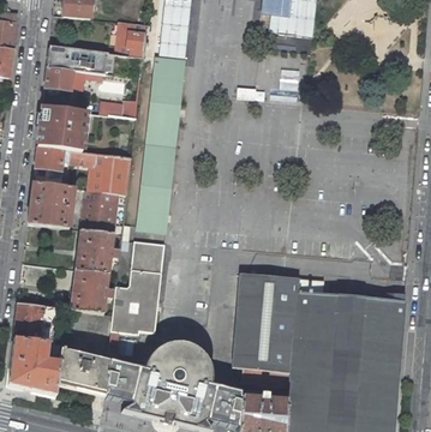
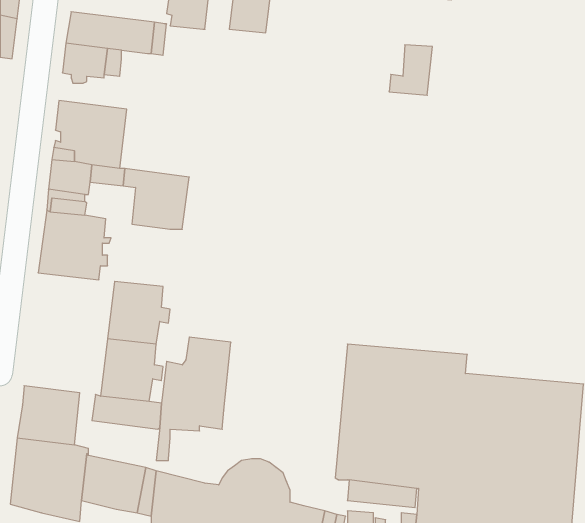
building: [140,56,185,230] -> none
building: [101,100,138,118] -> none
building: [80,191,119,234] -> none
building: [132,241,164,272] -> none
building: [143,343,211,385] -> none

